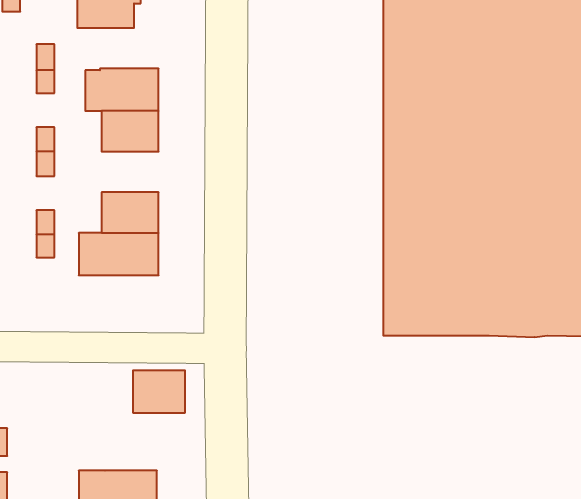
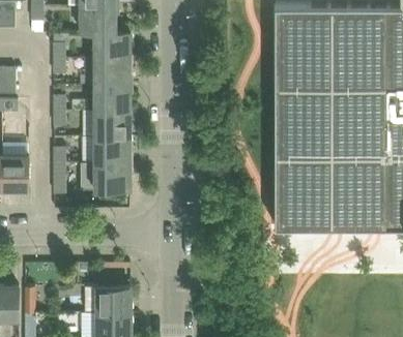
building: none -> [94,32,132,58]
building: none -> [95,111,132,136]
building: [133,370,185,413] -> [97,286,131,313]

